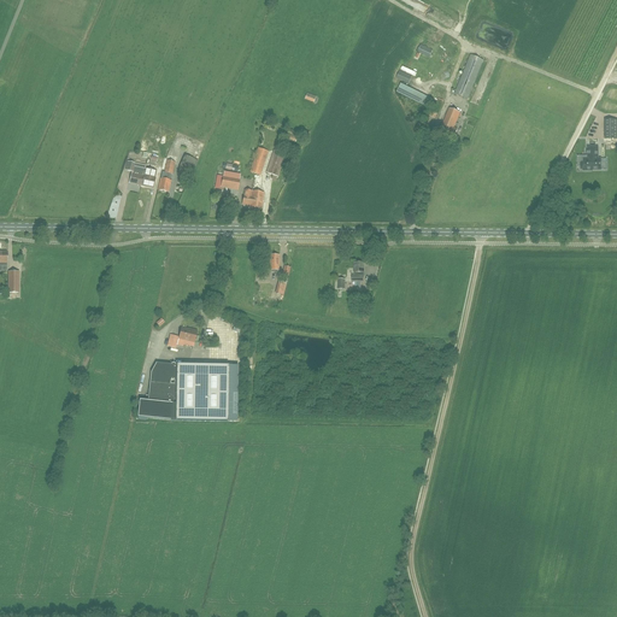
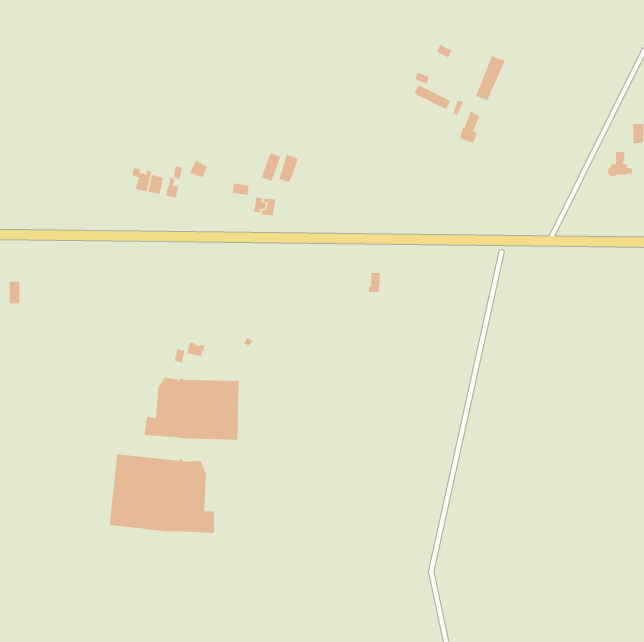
building: none -> [109,453,215,534]

